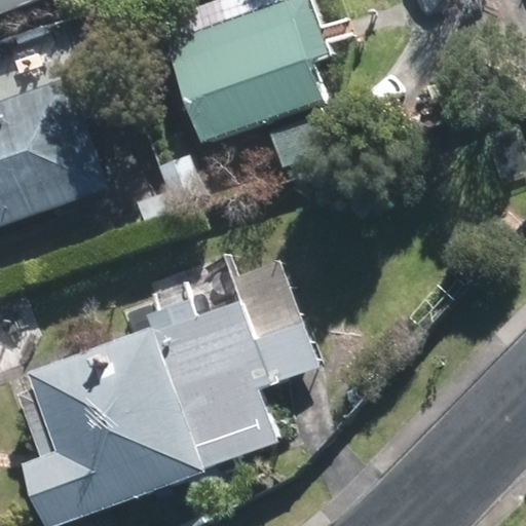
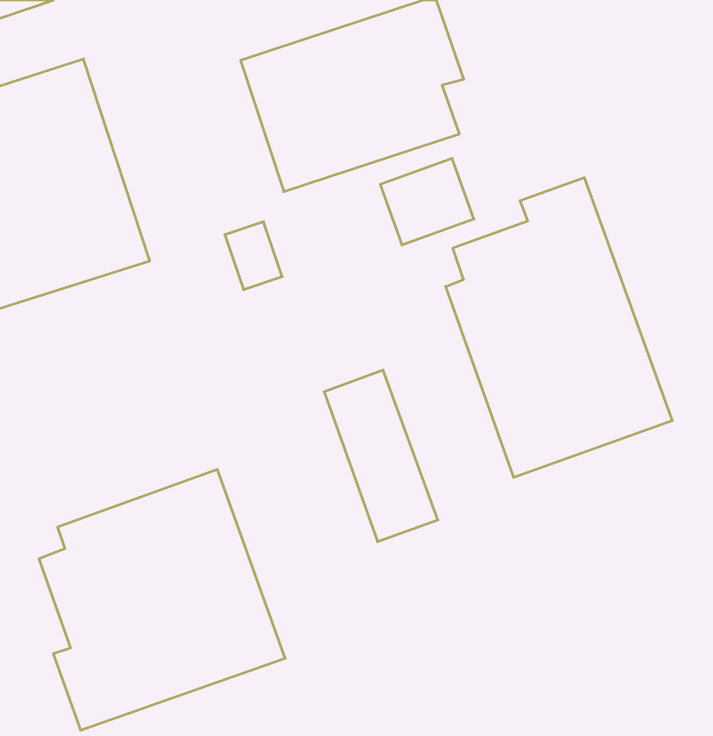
building: none -> [446,178,672,477]
building: [163,304,281,466] -> none

